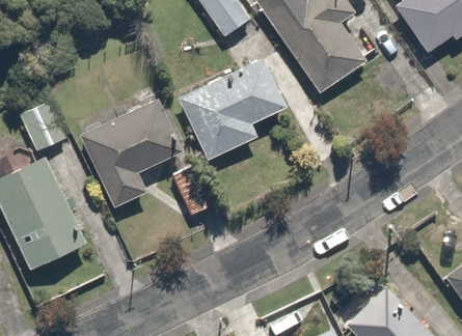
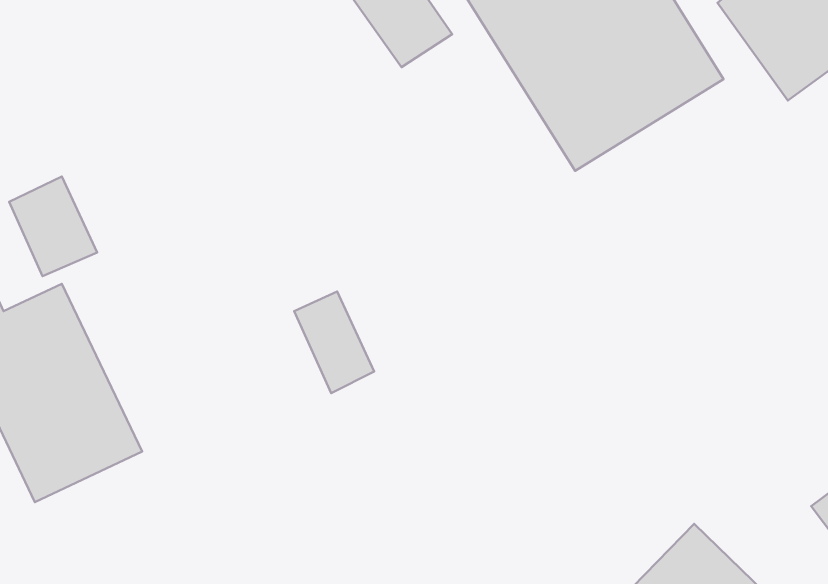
building: [181,60,286,158] -> none
building: [79,104,184,208] -> none

